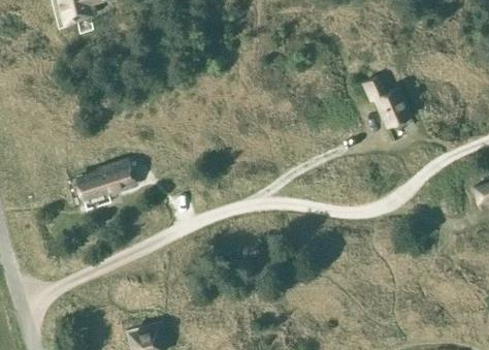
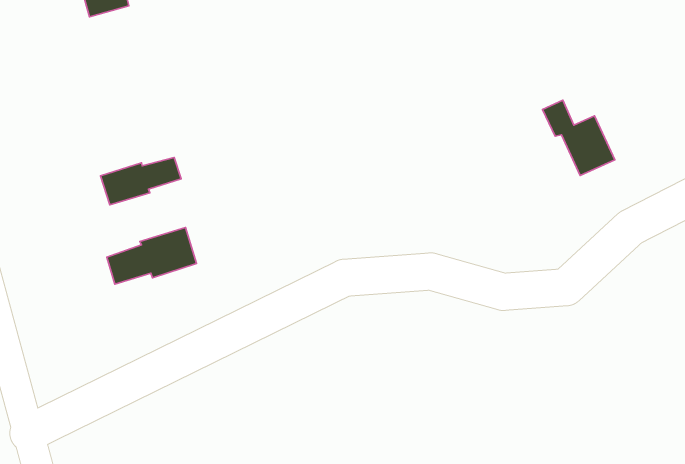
building: none -> [101,157,181,205]

